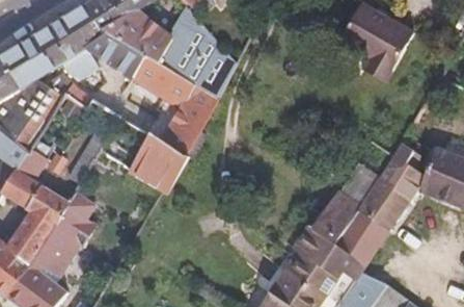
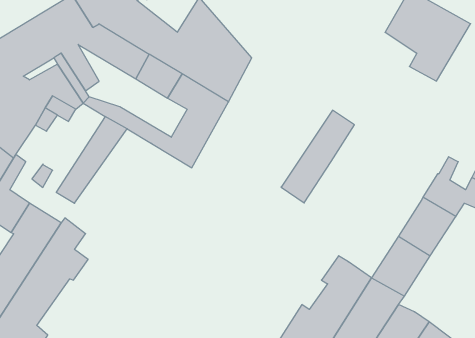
building: [126,132,185,191] -> none
building: [316,168,378,247] -> [281,110,354,203]

